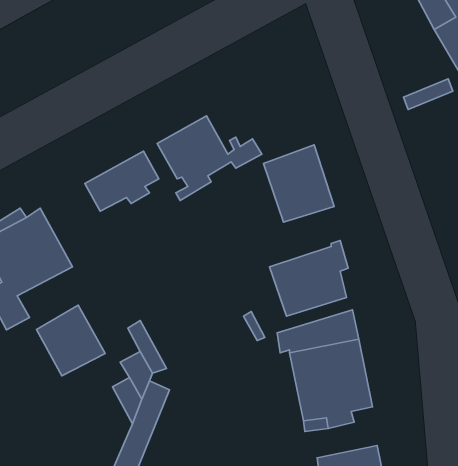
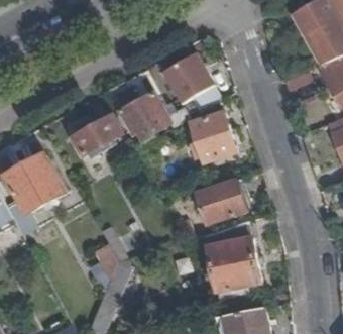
building: none -> [161,52,214,104]
building: [37,305,105,376] -> none

